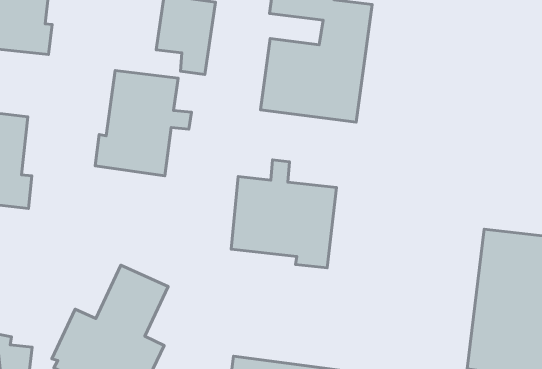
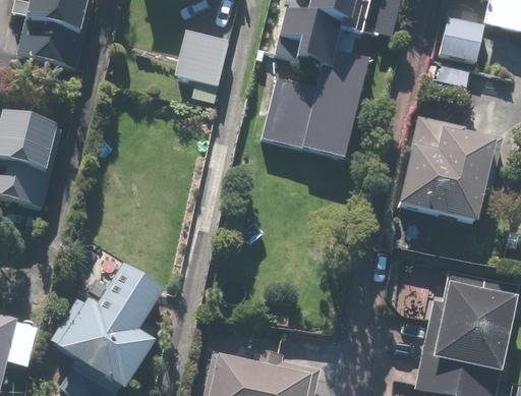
building: none -> [395,113,497,225]
building: [95,71,191,176] -> none
building: [231,160,337,268] -> none

